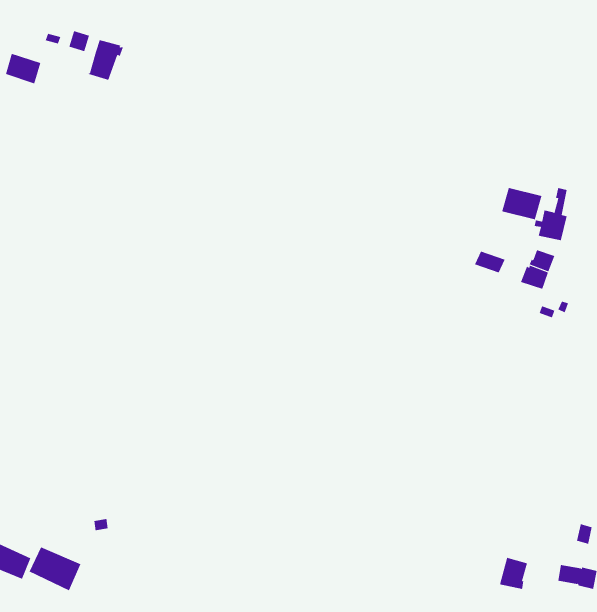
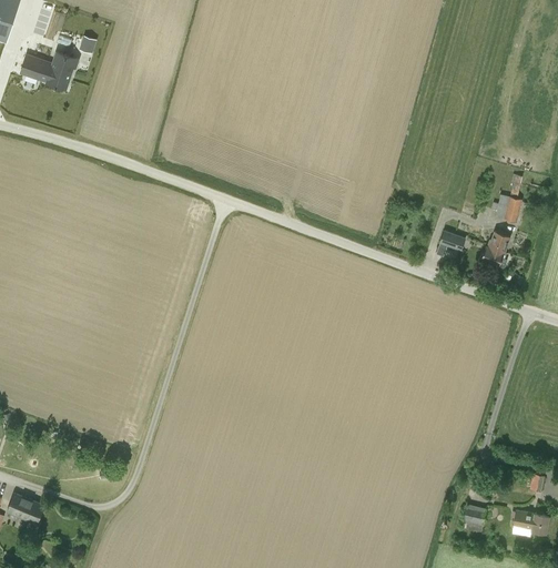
building: [88,39,124,81] -> [47,52,79,89]
building: [502,187,542,220] -> none
building: [29,547,81,591] -> none

